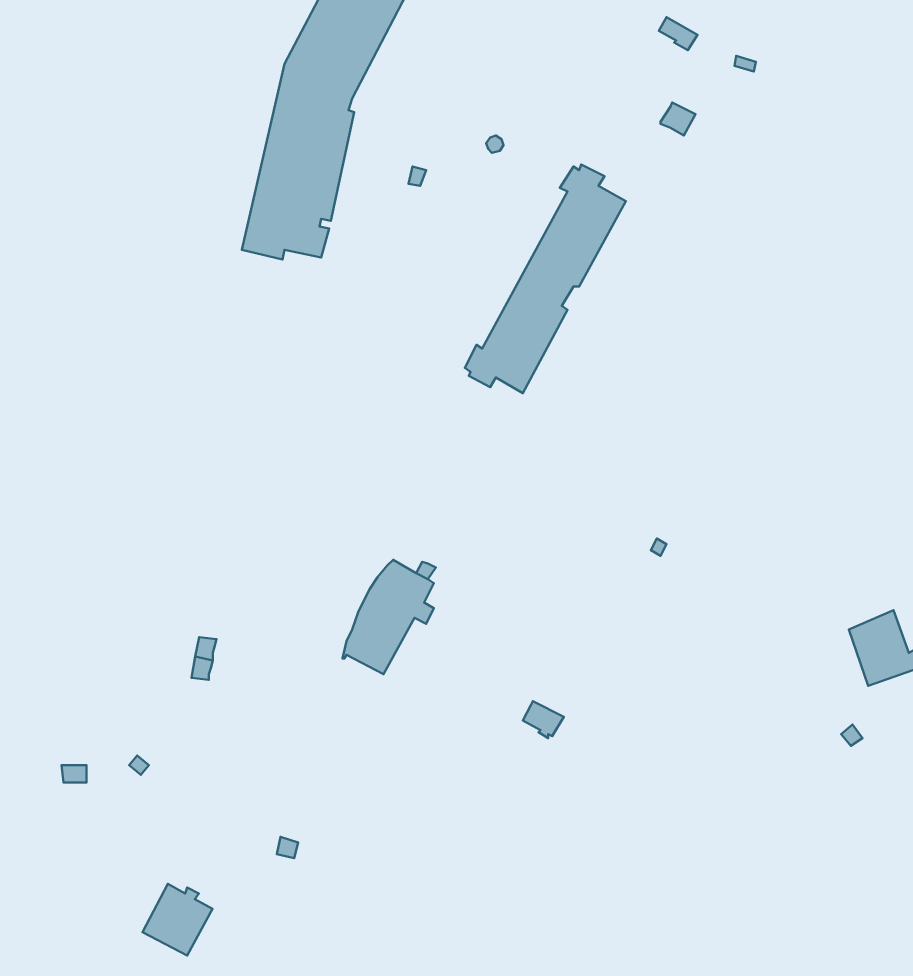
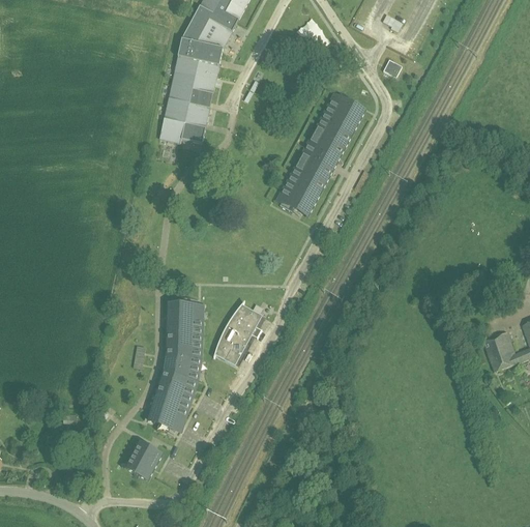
building: none -> [147,304,198,427]
building: [143,884,212,955] -> [125,440,163,478]

